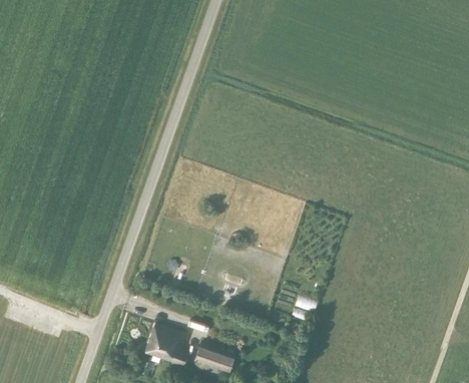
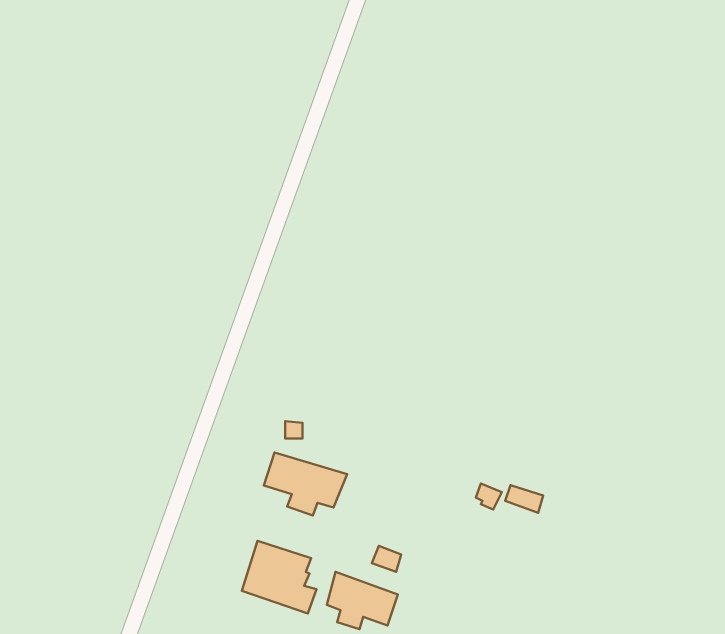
building: none -> [264,452,347,515]

